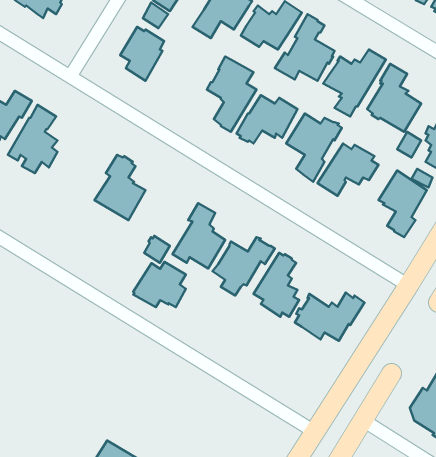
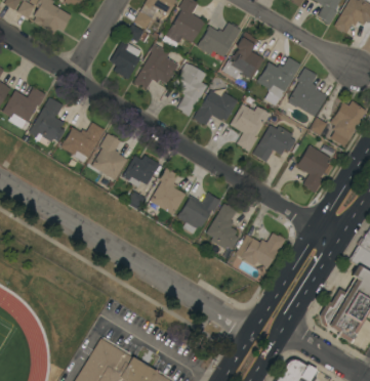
building: none -> [133,44,178,89]
building: none -> [60,122,105,163]
building: [133,262,186,307] -> [122,155,160,187]

